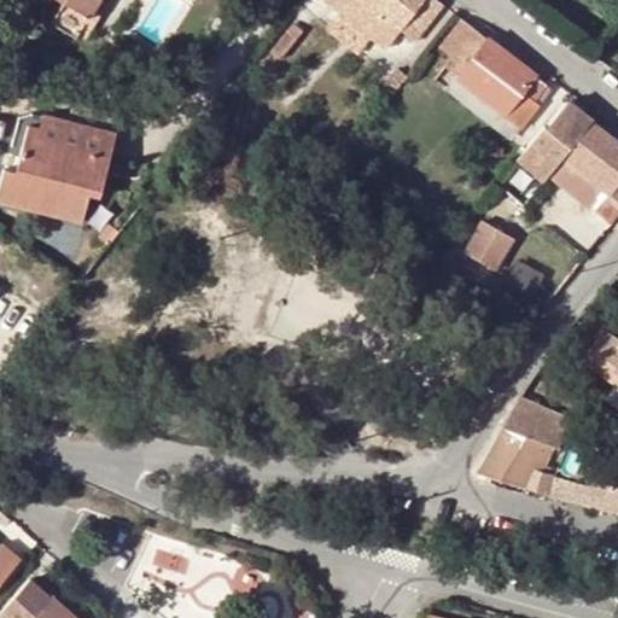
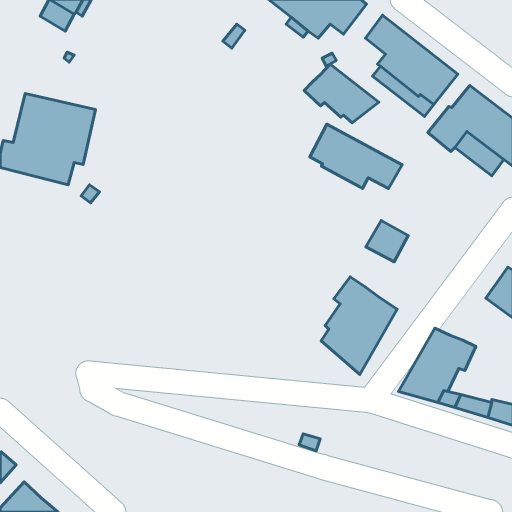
building: none -> [304,64,379,123]
building: none -> [310,124,402,189]
building: [468,222,519,272] -> [366,221,408,262]
building: none -> [321,277,397,375]

